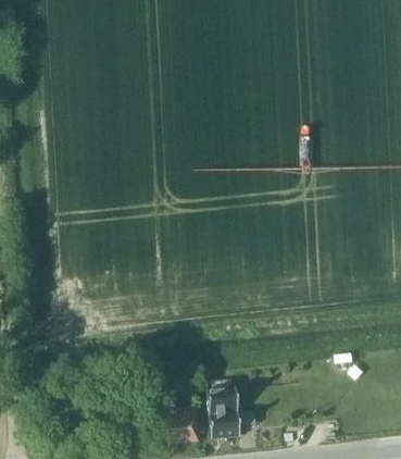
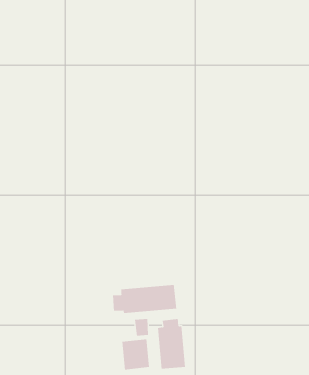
building: none -> [113,284,177,314]

